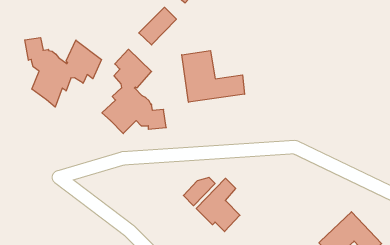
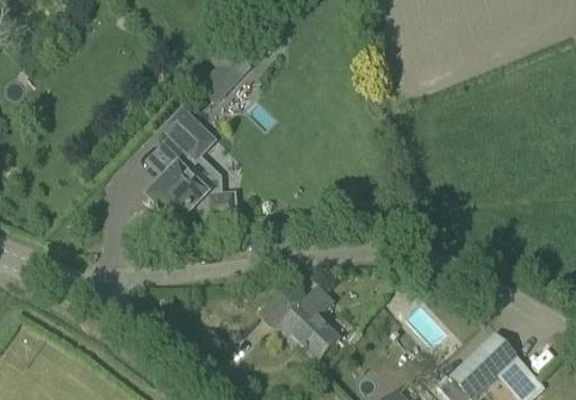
building: [25,38,101,107] -> none
building: [182,51,245,102] -> none

